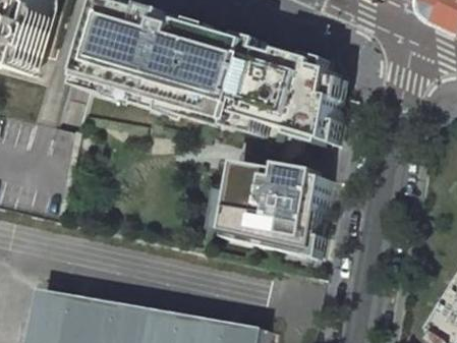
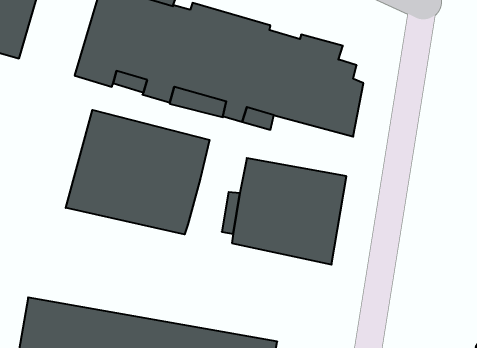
building: none -> [66,110,210,234]

